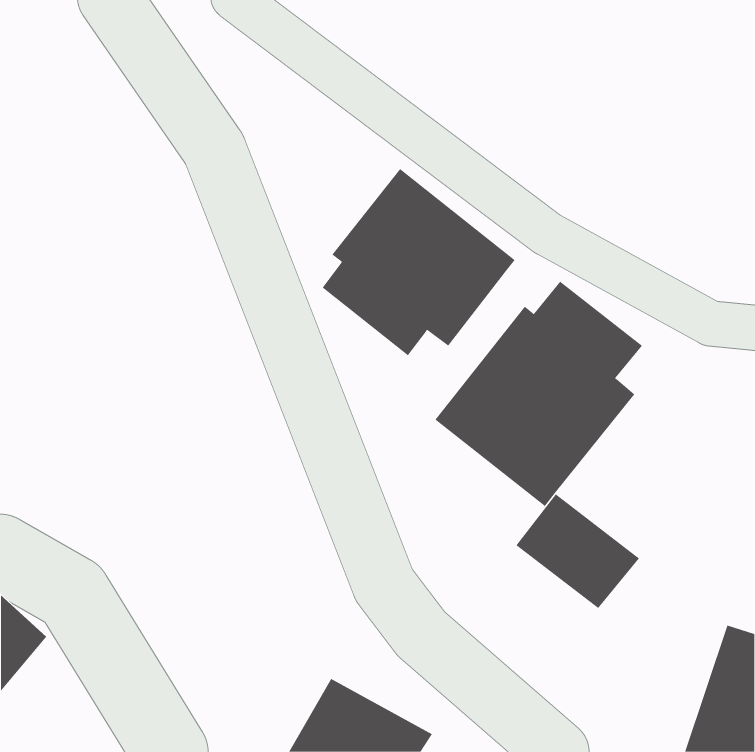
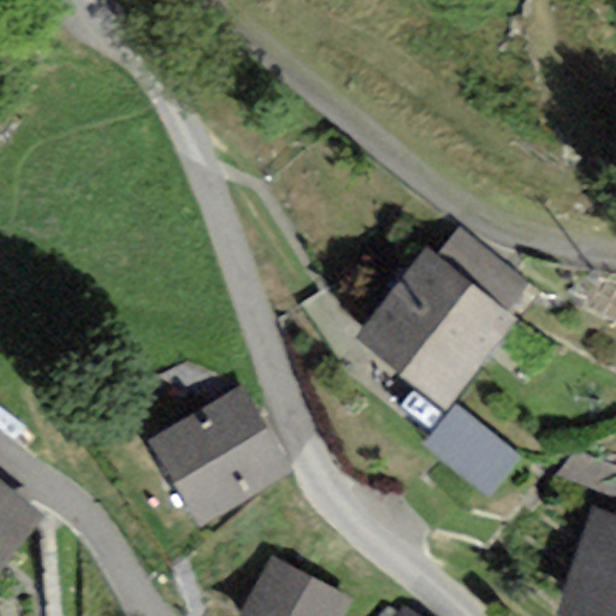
building: [322,168,515,356] -> none
building: none -> [148,385,296,529]

